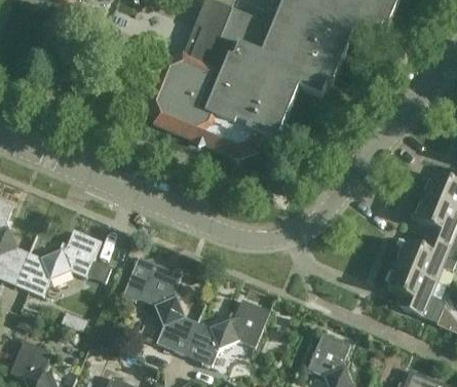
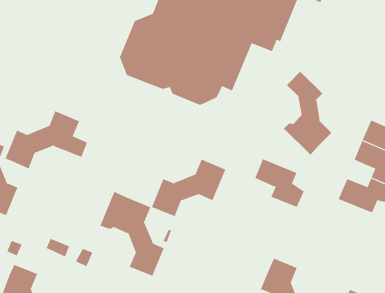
building: none -> [283,71,332,156]
building: [15,229,111,297] -> [5,110,88,169]
building: [387,265,445,321] -> [254,158,304,208]
building: [184,299,270,365] -> [151,159,226,217]

